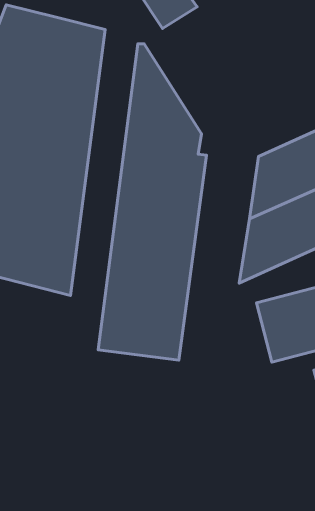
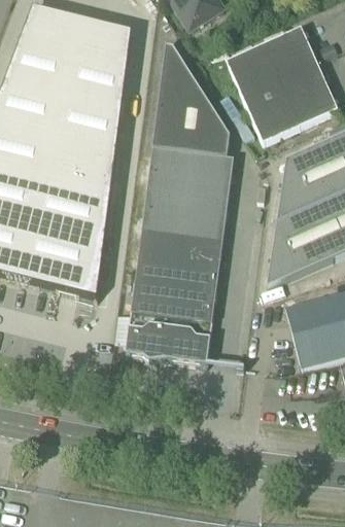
building: none -> [226,26,337,142]

